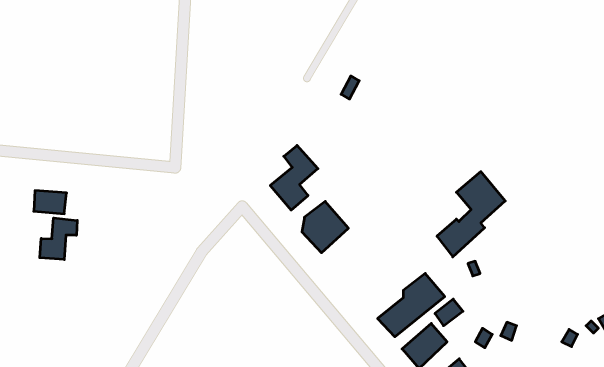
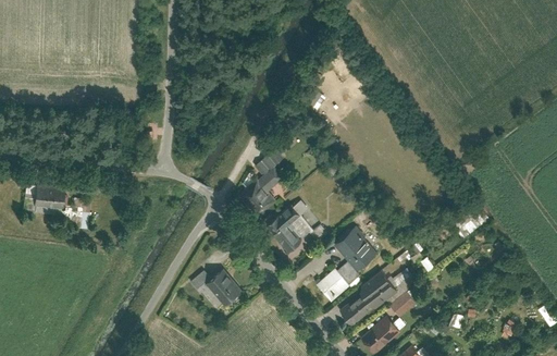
building: [437,172,505,257] -> [317,226,377,303]
building: [40,218,77,260] -> none
building: none -> [206,269,242,306]

